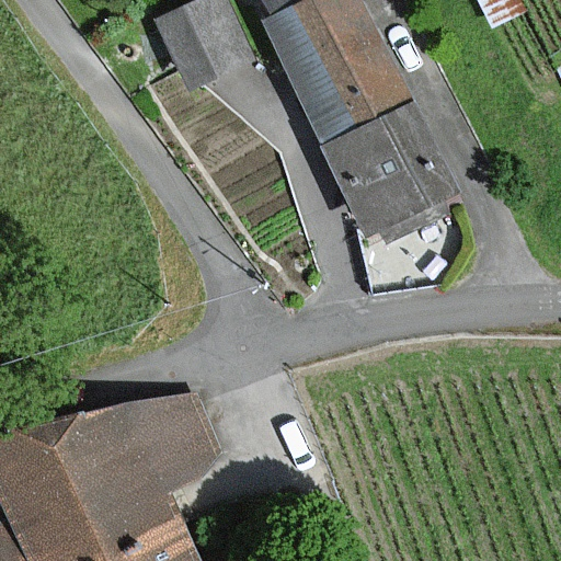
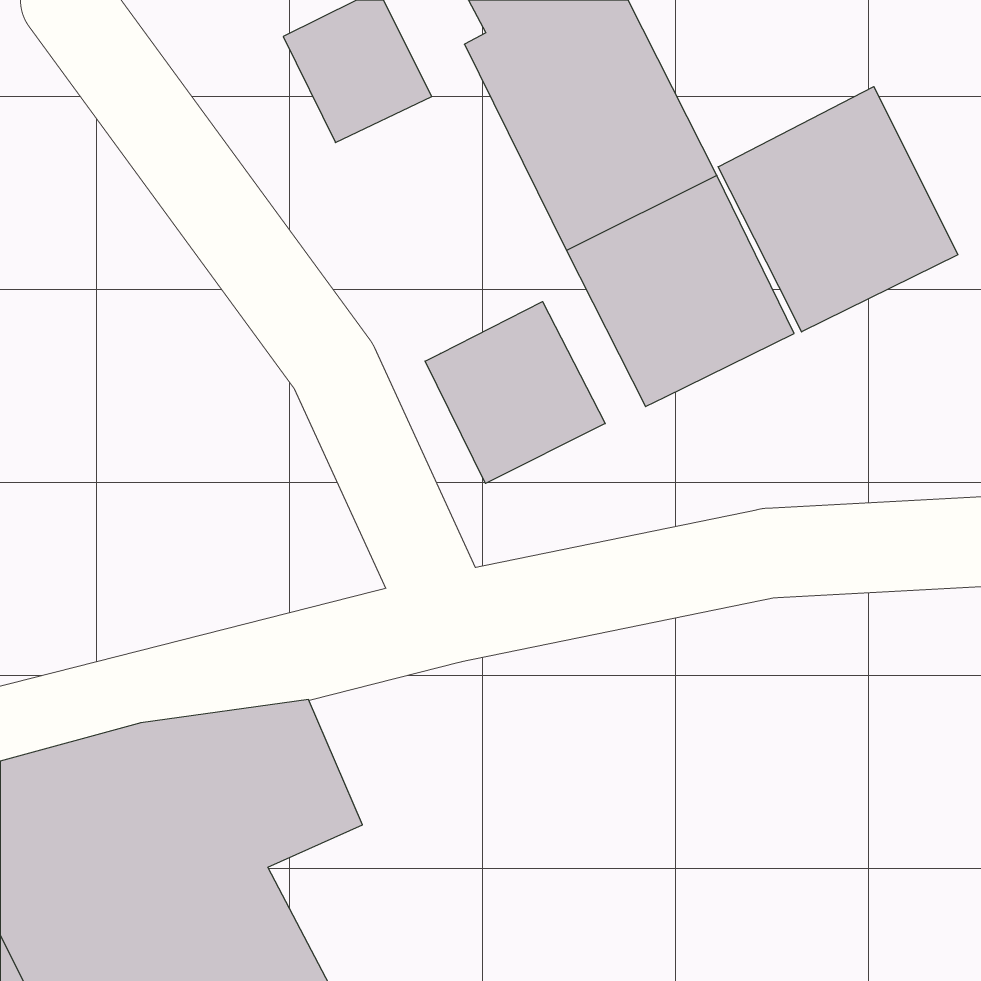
building: none -> [718,87,958,332]
building: none -> [425,302,605,483]

